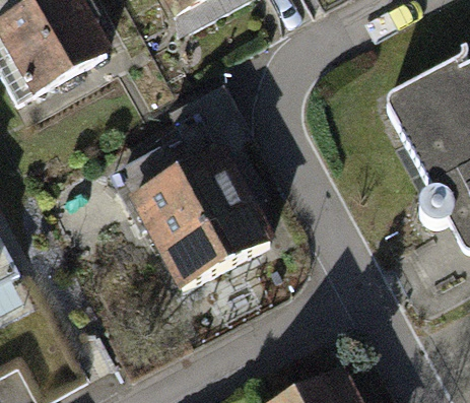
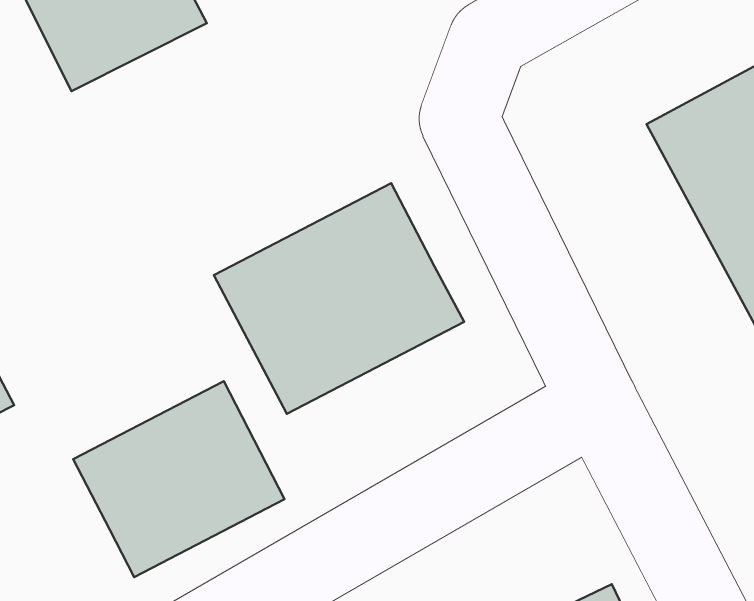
building: none -> [73,381,284,577]

